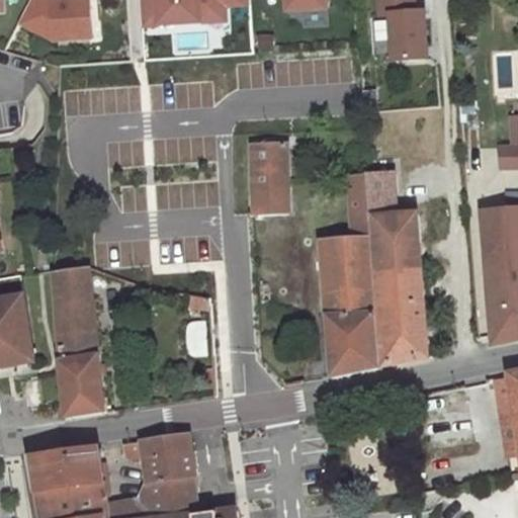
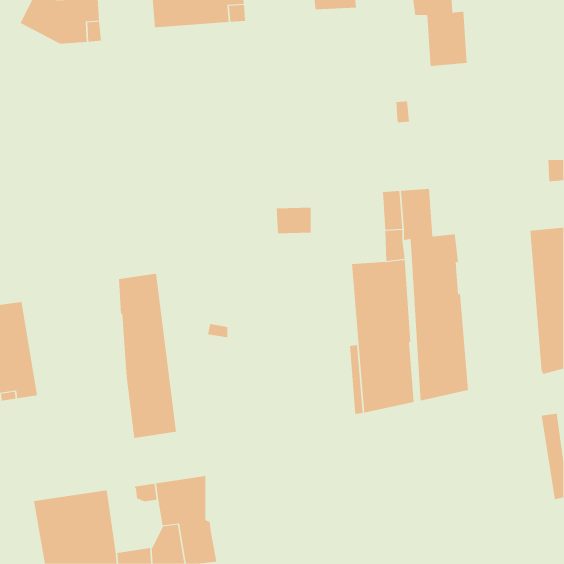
building: [251,141,286,190] -> none
building: [53,266,106,417] -> [118,273,177,438]

